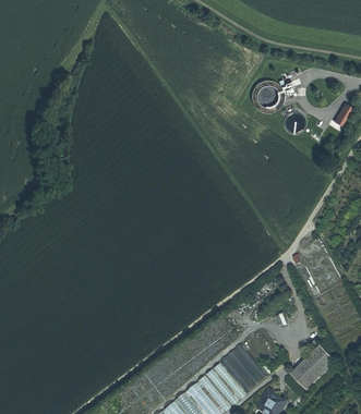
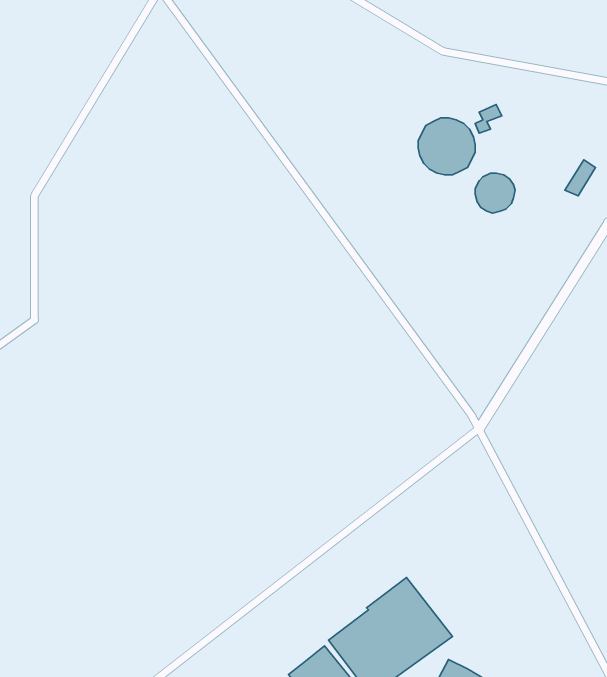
building: [290,346,336,391] -> none

